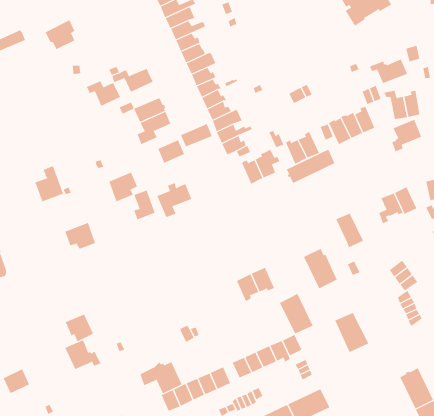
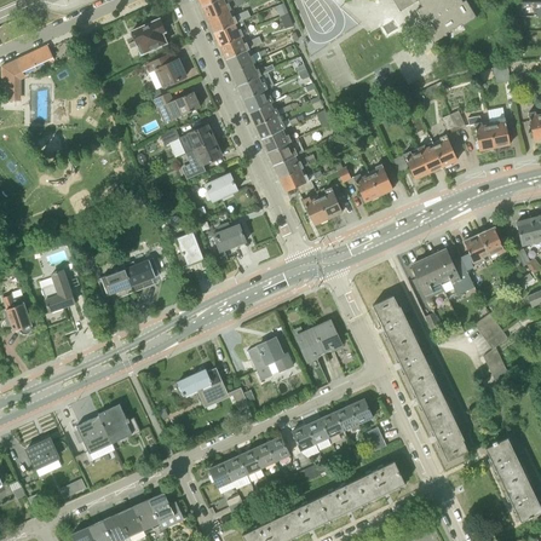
building: [45,19,75,50] -> [131,17,166,52]
building: [369,59,408,84] -> none
building: [86,80,121,107] -> [146,56,186,86]
building: [391,119,422,152] -> none
building: [180,123,213,147] -> none
building: [286,149,335,184] -> none
building: [35,165,64,202] -> [41,270,75,312]
building: [108,172,138,202] -> [126,258,160,293]
building: none -> [428,249,474,299]
building: none -> [248,338,294,380]
building: [279,293,314,334] -> [392,335,432,382]
building: [65,314,94,342] -> [76,416,110,449]
building: none -> [427,409,466,456]
building: [139,362,182,394] -> [178,368,228,405]

